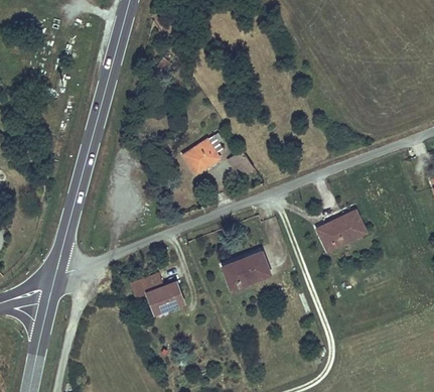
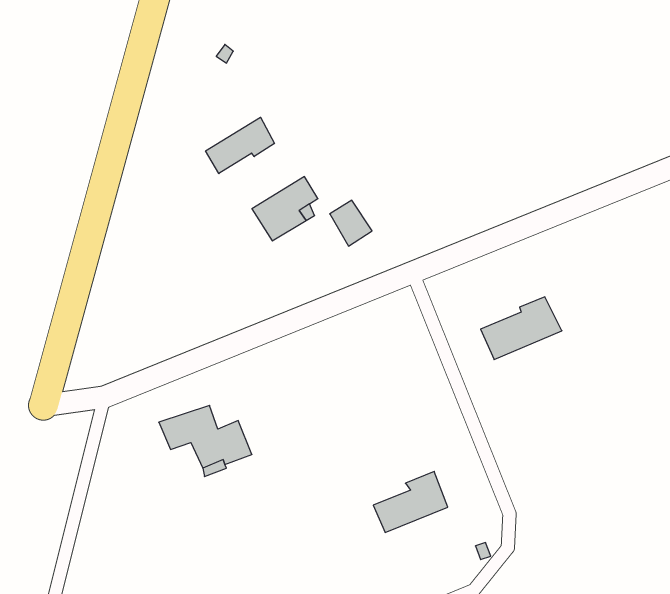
building: none -> [206,117,274,174]
building: [223,251,267,287] -> [373,471,448,532]

